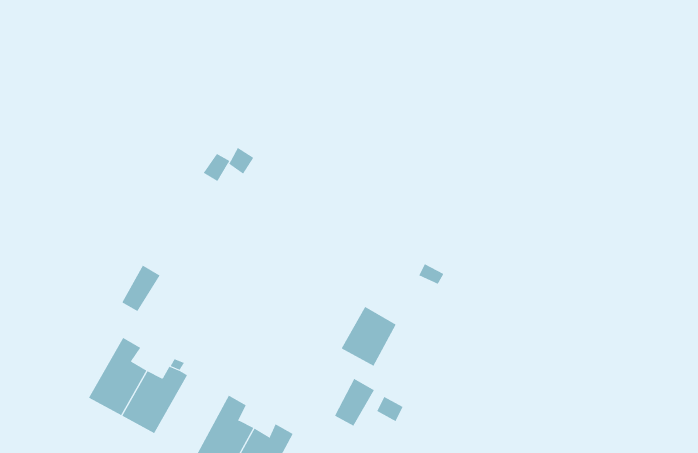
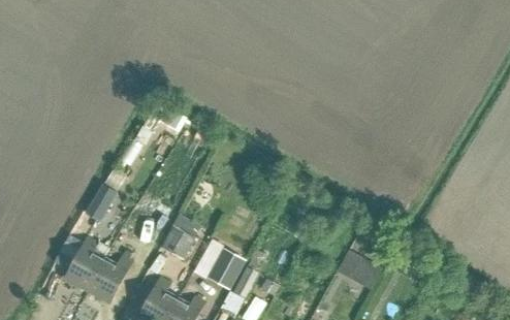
building: [341,306,397,367] -> [206,248,245,289]
building: none -> [160,224,194,259]
building: none -> [334,246,380,286]

